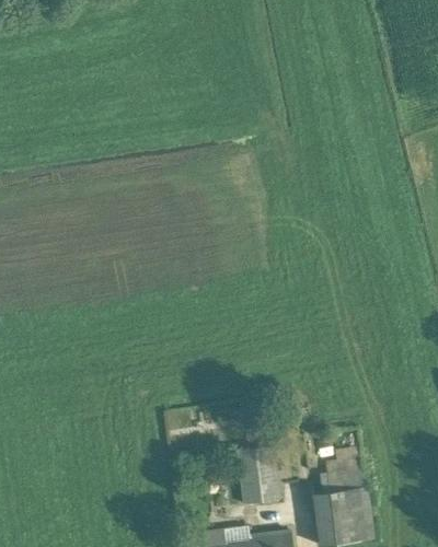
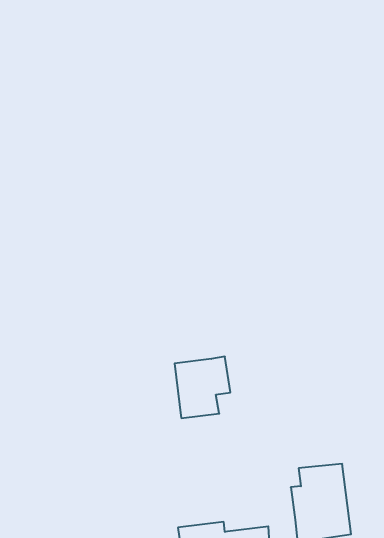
building: [237,443,291,503] -> [175,357,230,418]

